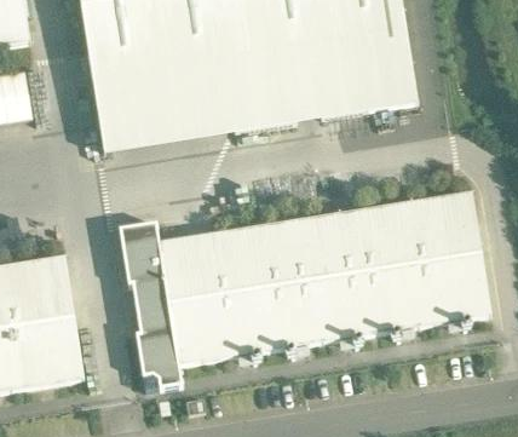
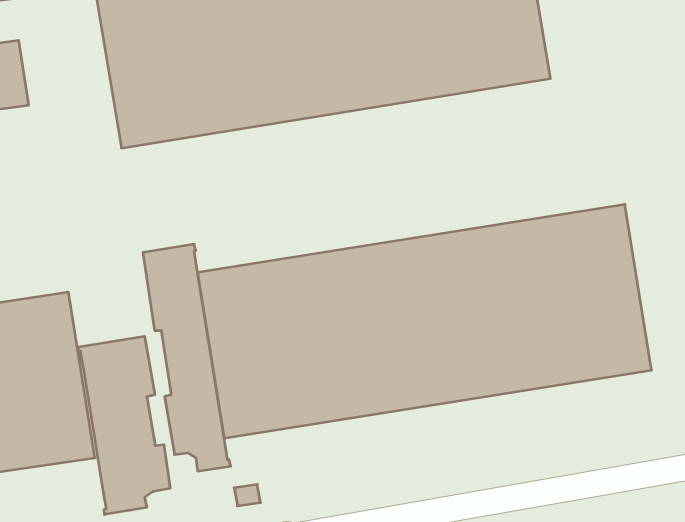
building: none -> [78,336,170,515]

